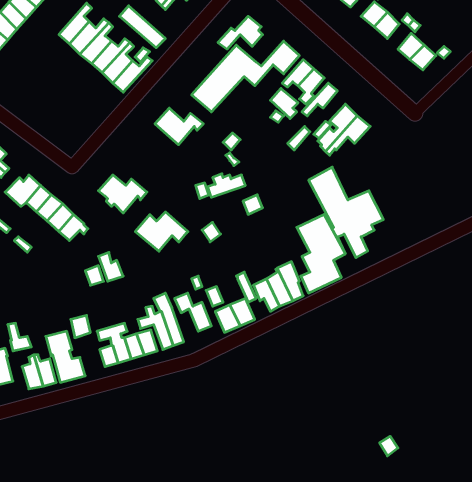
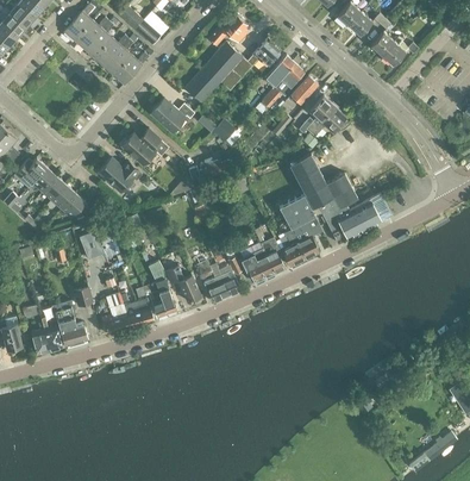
building: [135,212,188,251] -> [121,130,169,165]
building: none -> [332,194,390,244]

